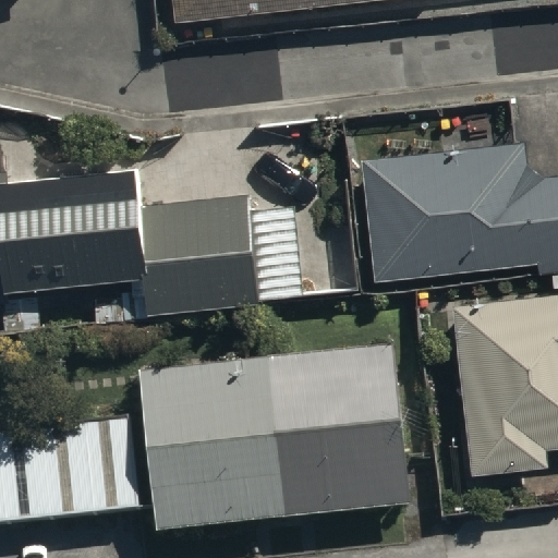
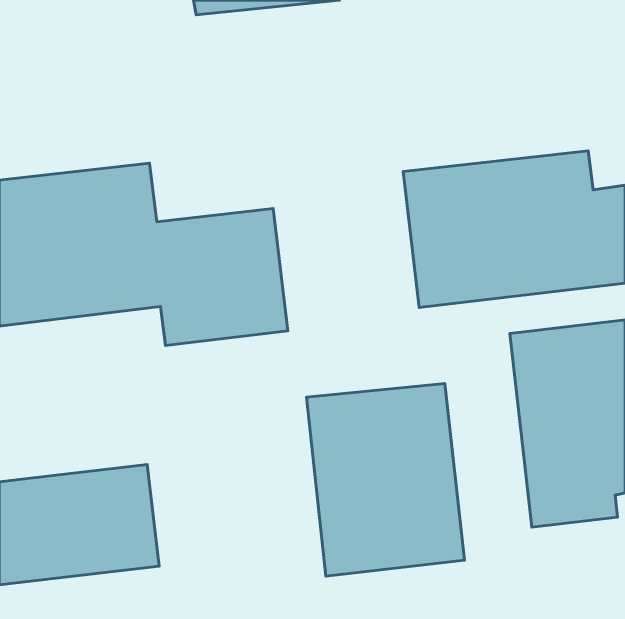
building: [142,360,290,532] -> none

